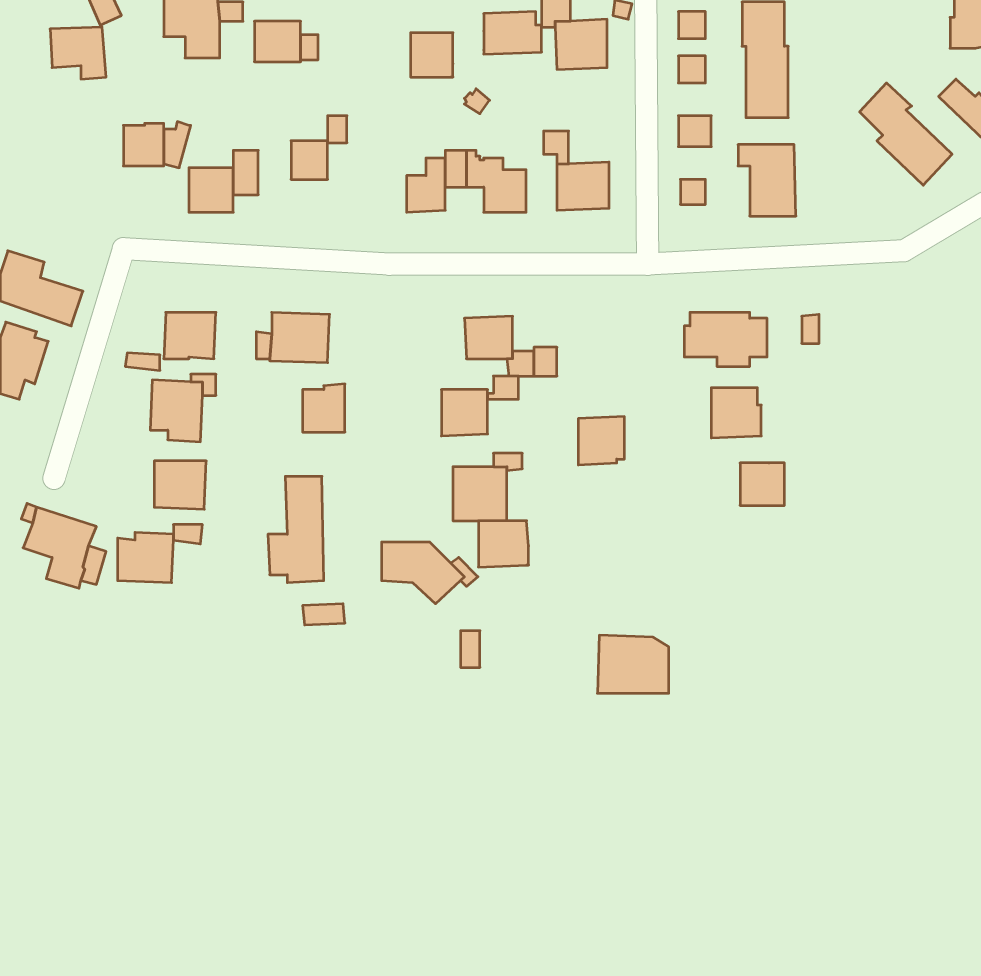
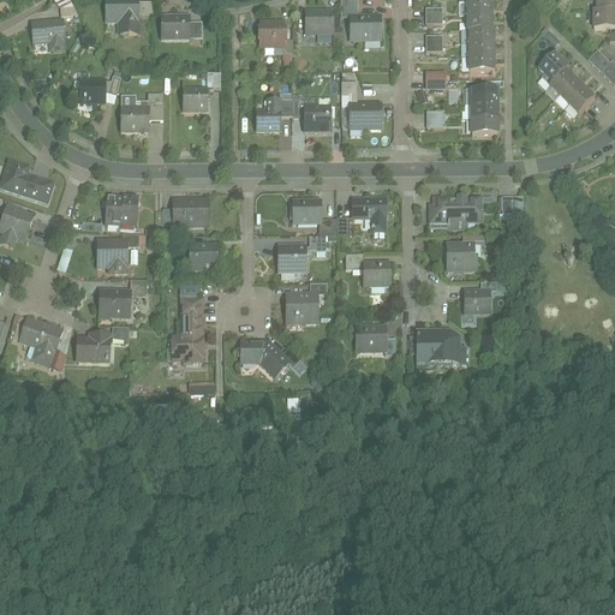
building: none -> [353,197,387,232]
building: [478,521,529,567] -> [356,322,387,351]
building: [597,635,669,693] -> [416,327,460,363]

